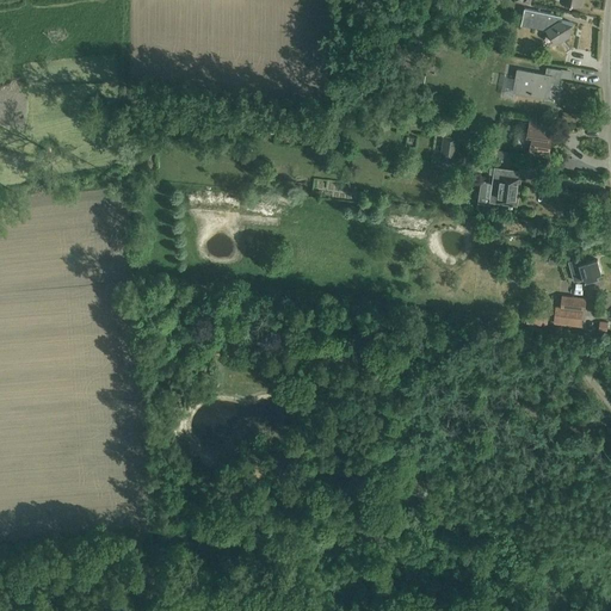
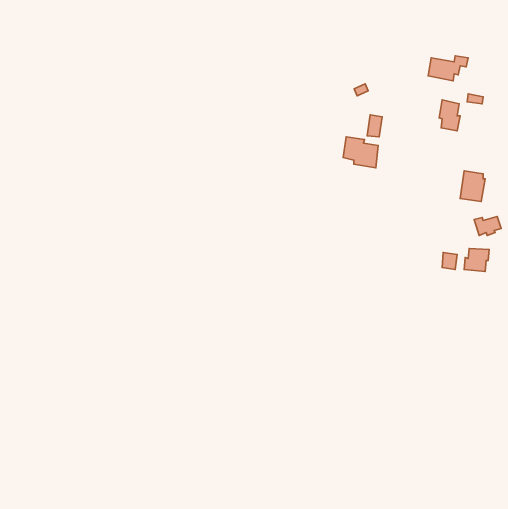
building: [519,10,572,45] -> none
building: none -> [343,137,378,168]
building: [489,172,519,209] -> [460,171,485,202]

